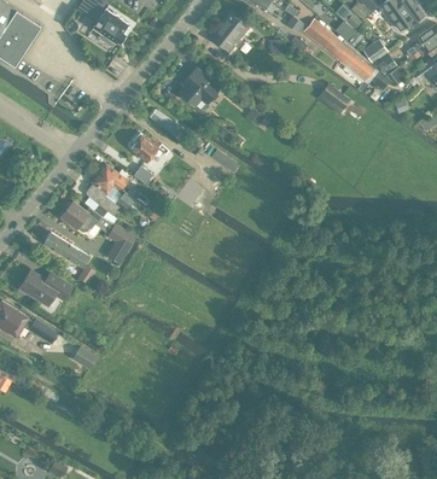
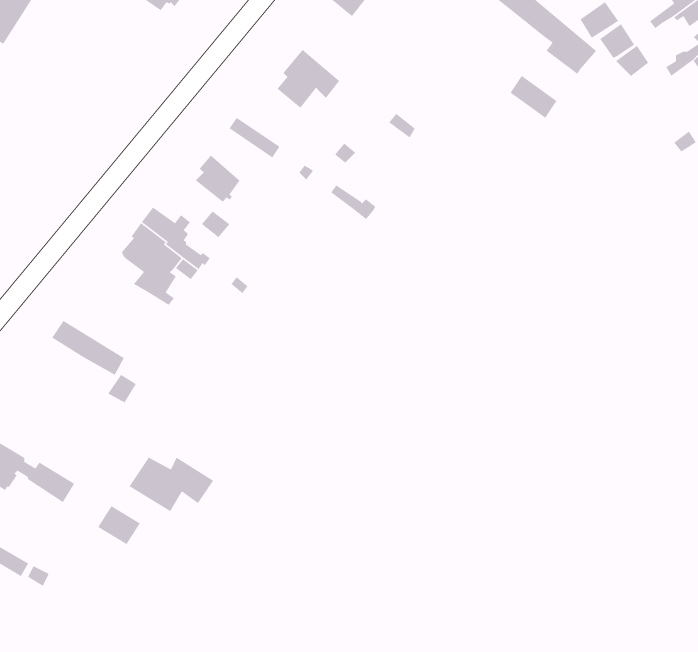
building: [60,201,101,233] -> none
building: [106,224,135,263] -> none
building: [21,271,72,305] -> [128,456,214,512]

